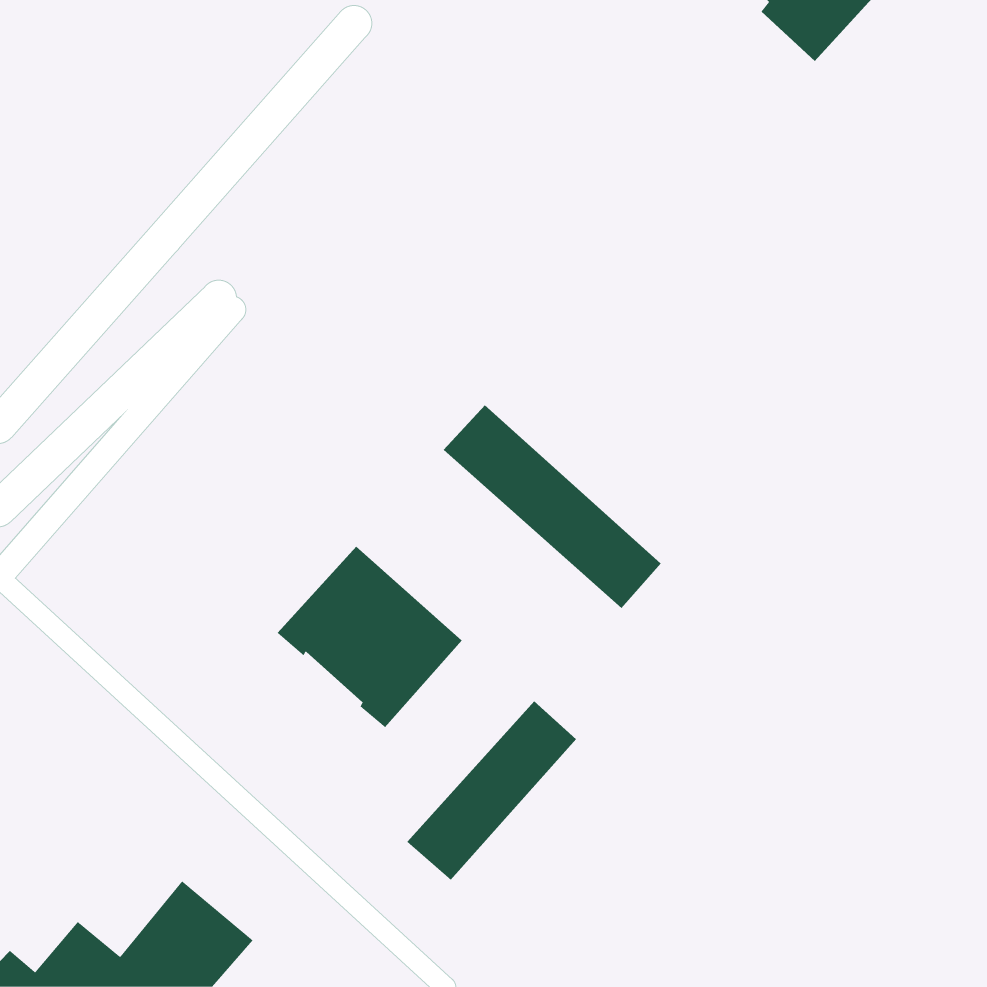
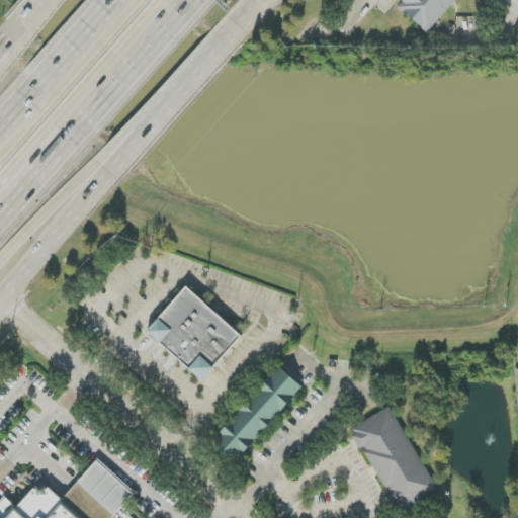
building: [443,404,662,609] -> none
building: none -> [351,406,436,511]

